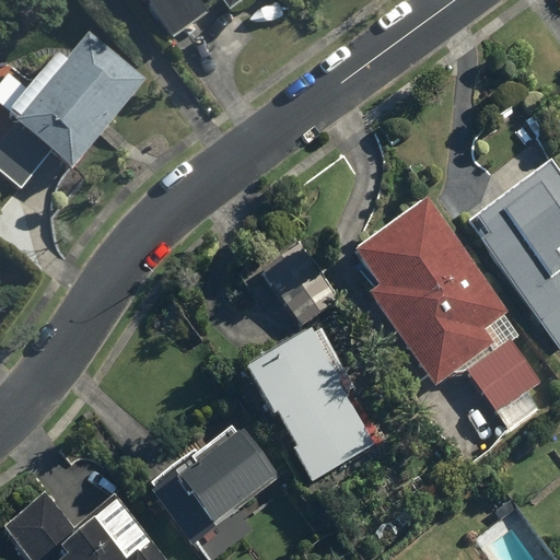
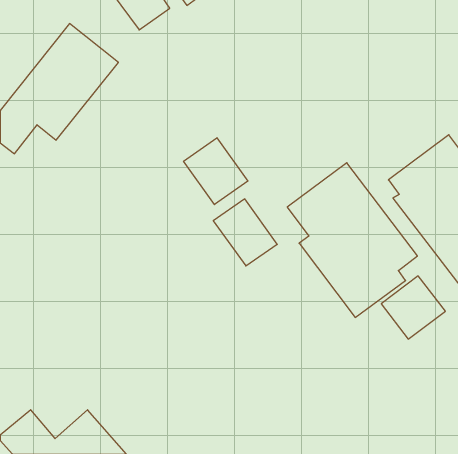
building: none -> [184,138,248,205]
building: [244,329,375,480] -> none
building: [150,425,281,544] -> none

